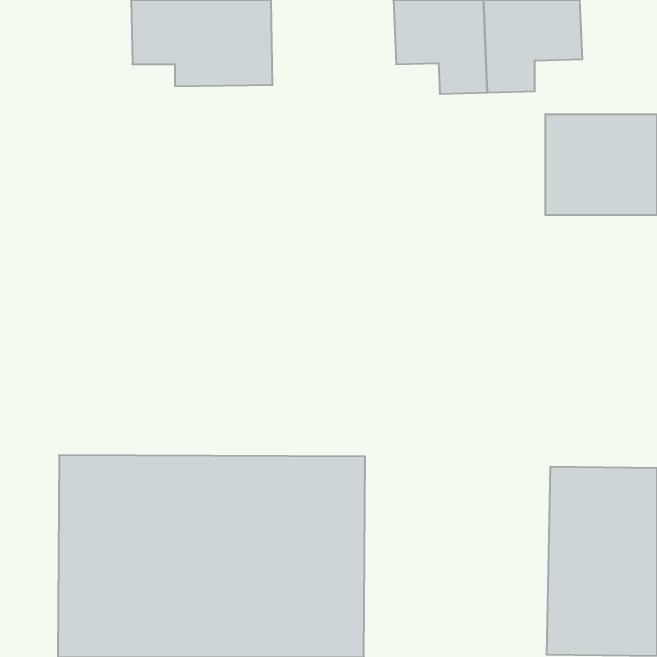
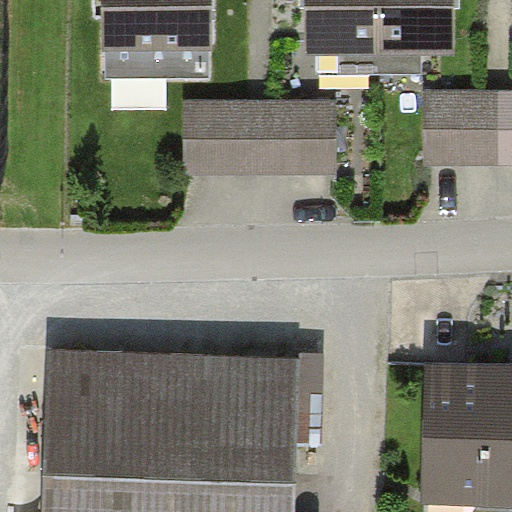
building: none -> [185,97,337,175]

